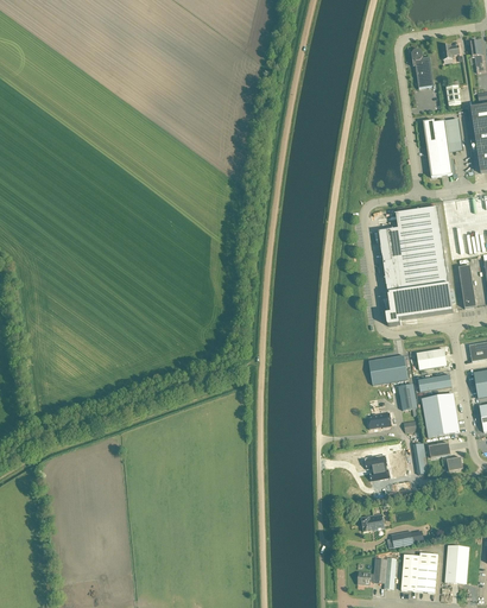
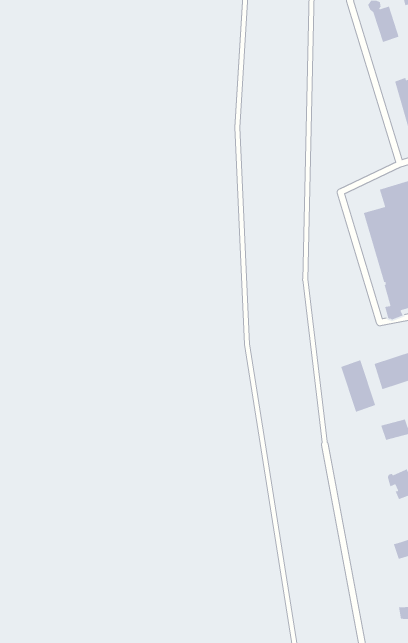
building: none -> [340,359,376,413]

